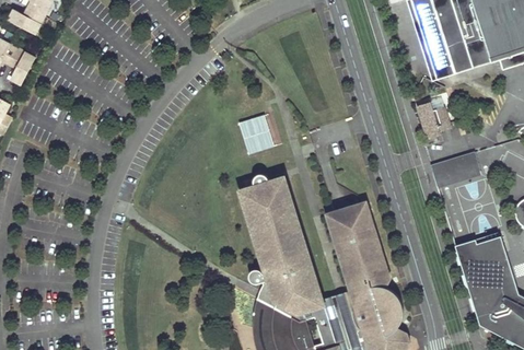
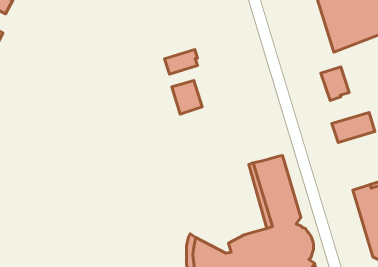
building: none -> [165,50,198,74]
building: [245,171,324,310] -> none

